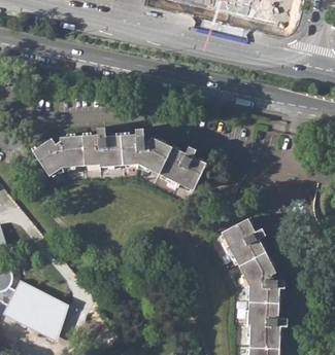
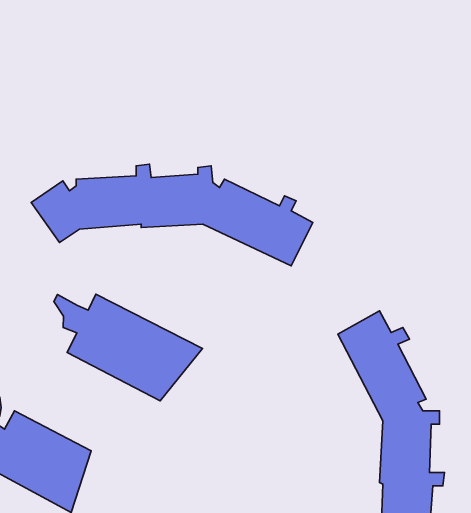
building: none -> [54,294,202,401]

